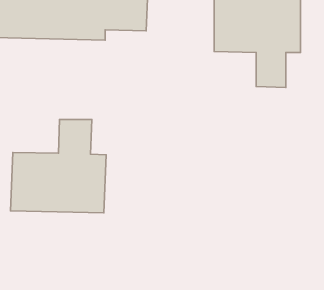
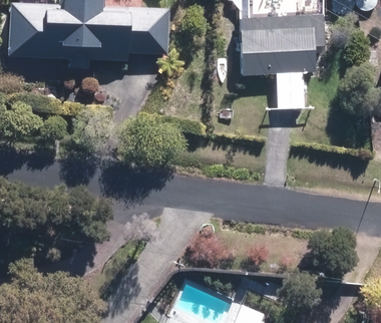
building: [11,119,106,213] -> none

